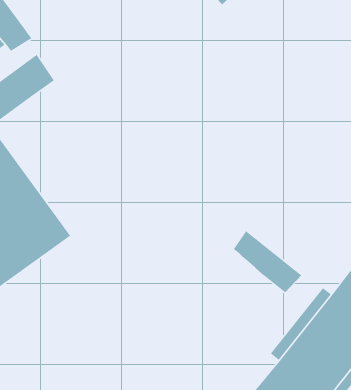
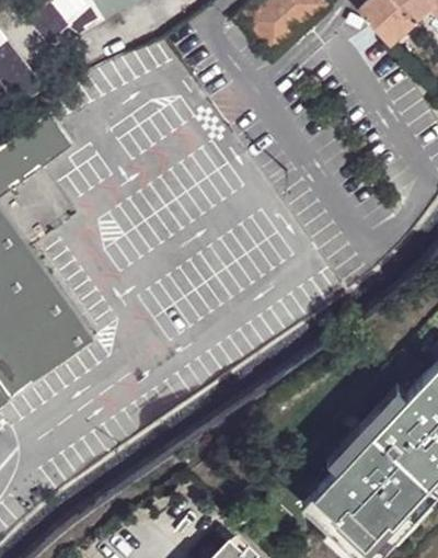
building: [233,230,302,293] -> none

